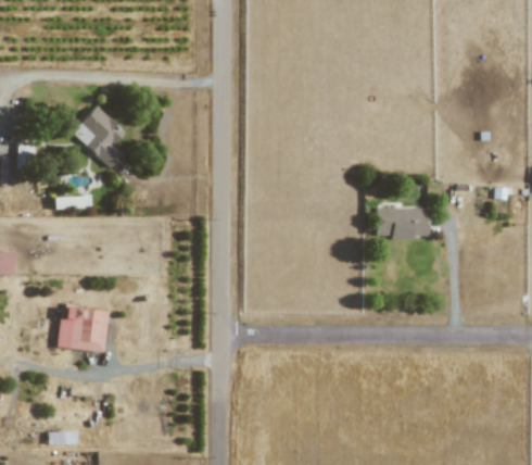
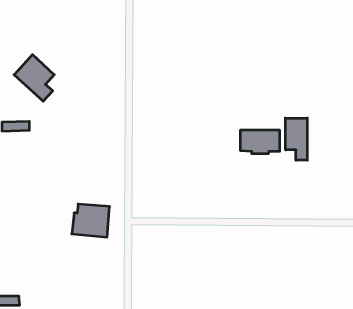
building: none -> [285,118,307,160]
building: [58,306,109,351] -> [72,204,110,237]

